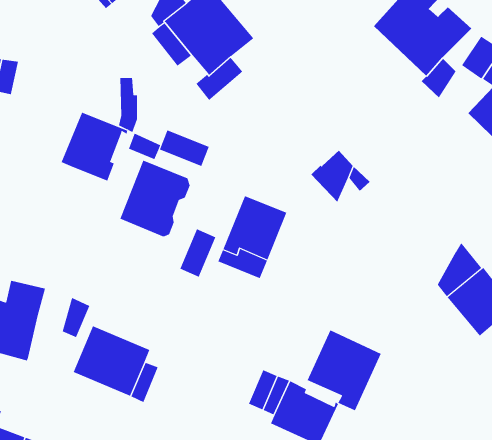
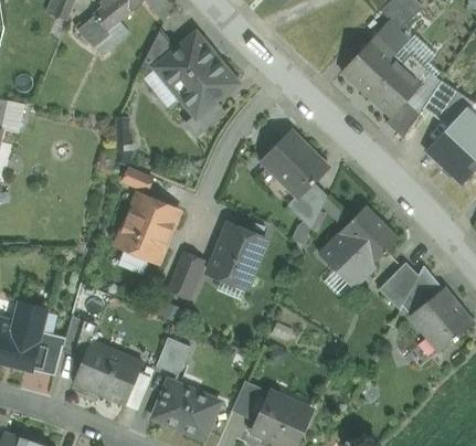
building: none -> [263,131,327,197]
building: [61,112,128,182] -> none
building: [159,129,209,167] -> none
building: none -> [318,205,398,288]
building: none -> [378,262,417,308]
building: none -> [33,331,63,374]
building: none -> [156,337,190,373]
building: [307,329,382,411] -> none
building: none -> [152,381,219,438]

